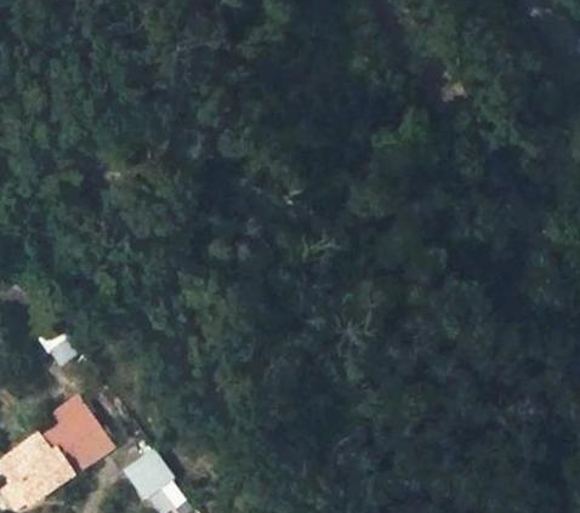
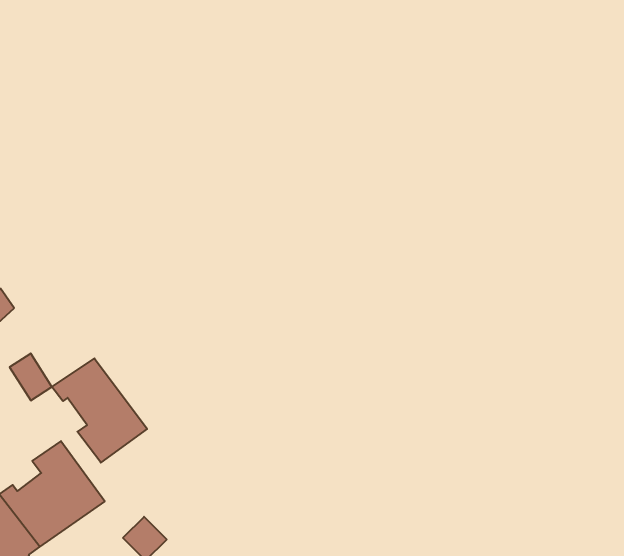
building: none -> [52,358,147,463]

